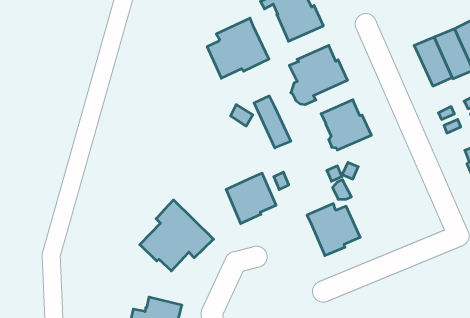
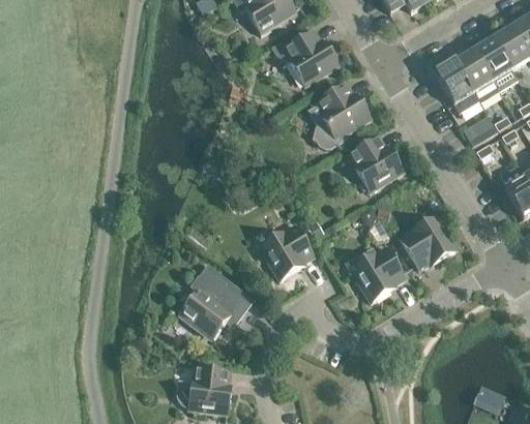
building: [207,18,269,78] -> none
building: [254,96,291,148] -> none
building: none -> [401,216,455,269]

